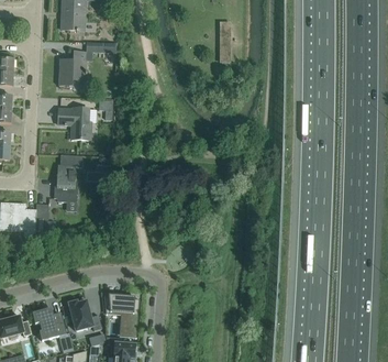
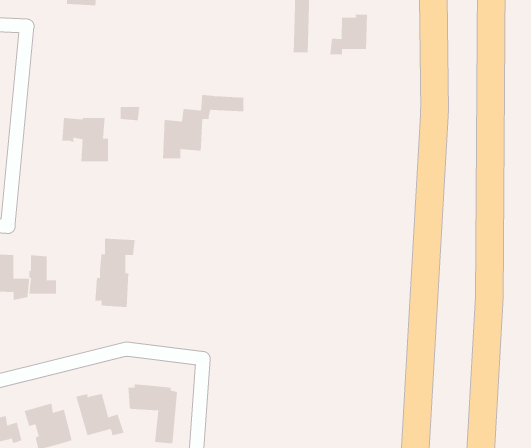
building: none -> [330,14,368,55]
building: [59,41,117,86] -> [162,94,244,159]
building: [54,154,82,202] -> [95,238,136,307]

